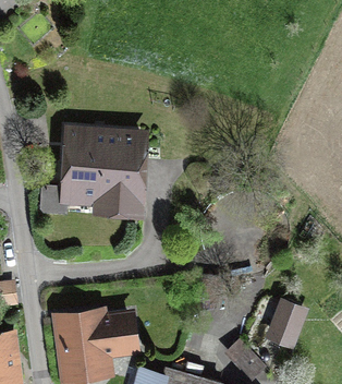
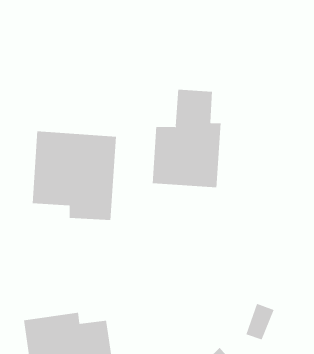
building: none -> [152,89,221,188]

